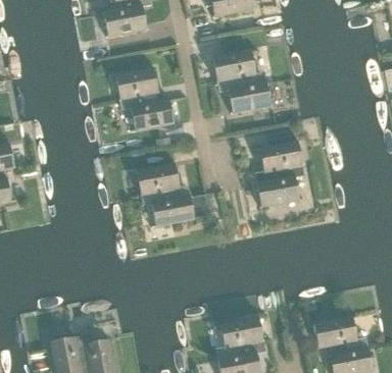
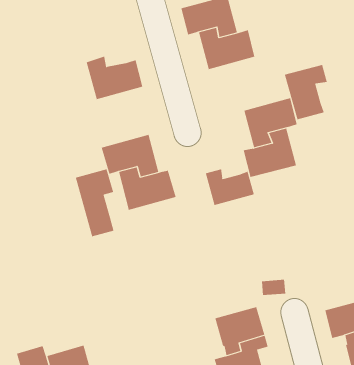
building: [114,68,161,103] -> none
building: none -> [284,64,327,120]
building: none -> [75,169,114,237]
building: none -> [205,168,255,206]

